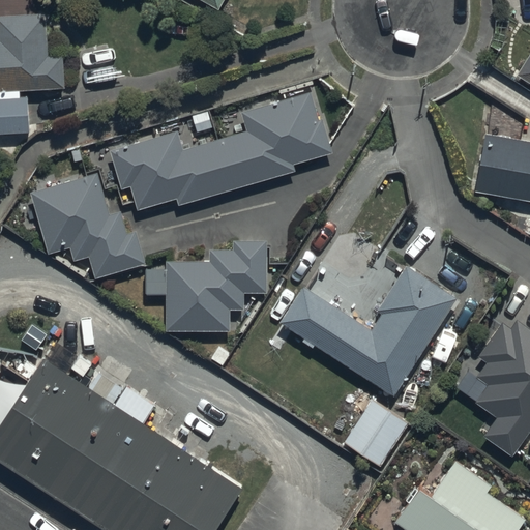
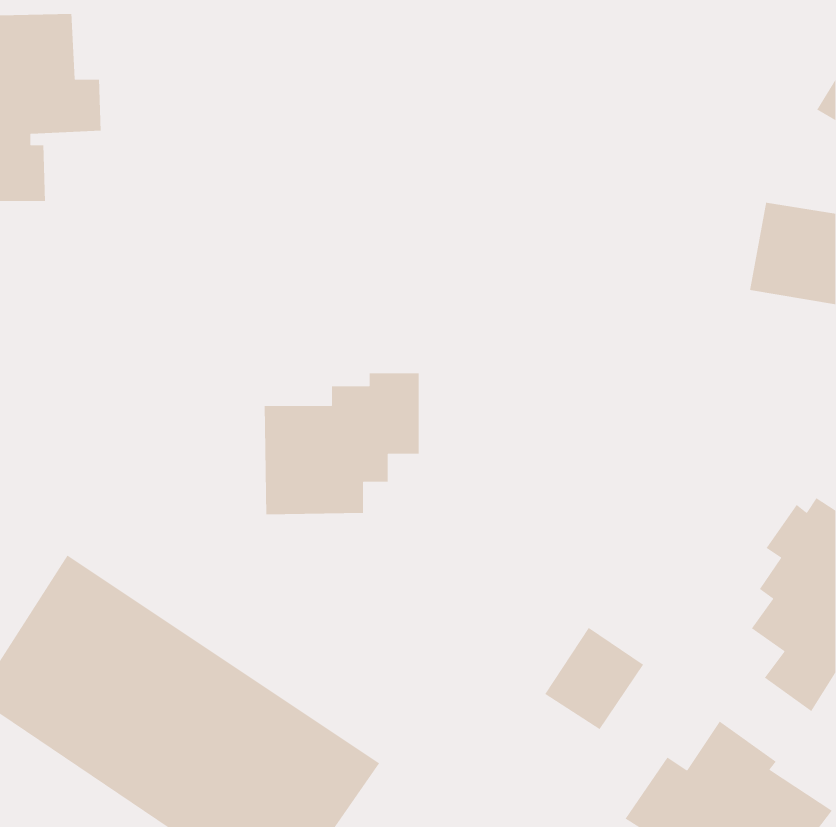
building: [111,93,331,212] -> none
building: [30,175,144,279] -> none
building: [281,260,458,393] -> none

